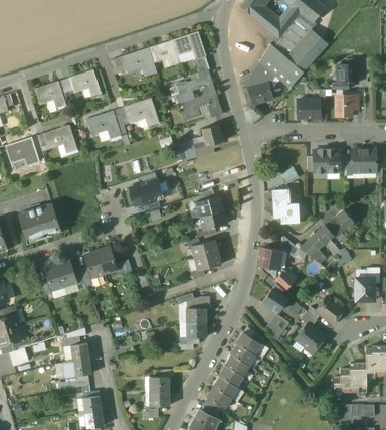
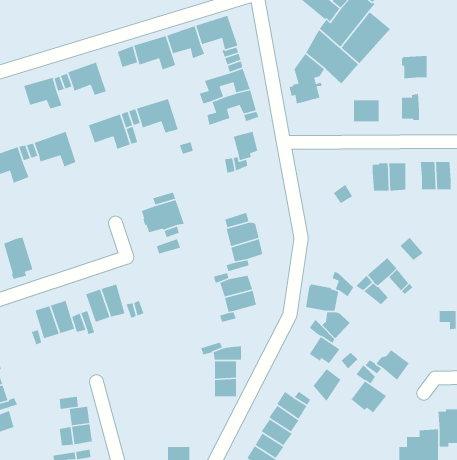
building: [272,190,299,223] -> none
building: [35,203,61,236] -> none
building: [355,278,374,301] -> none

